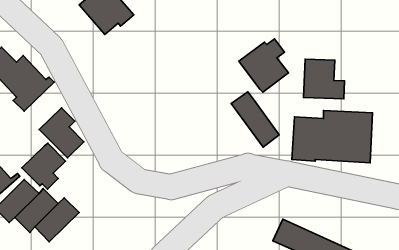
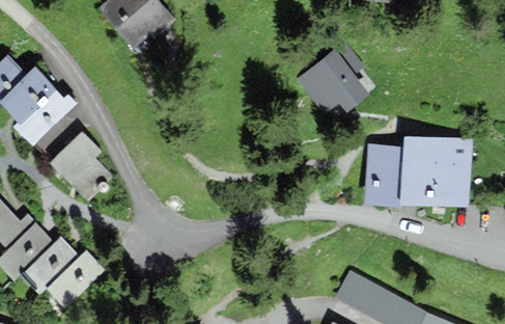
building: [303,59,345,99] -> none
building: [231,92,279,147] -> none
building: [22,143,66,189] -> none

